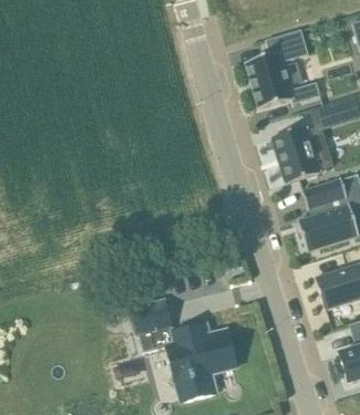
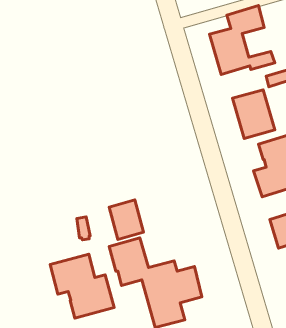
building: none -> [109,200,144,240]
building: none -> [50,254,114,318]

